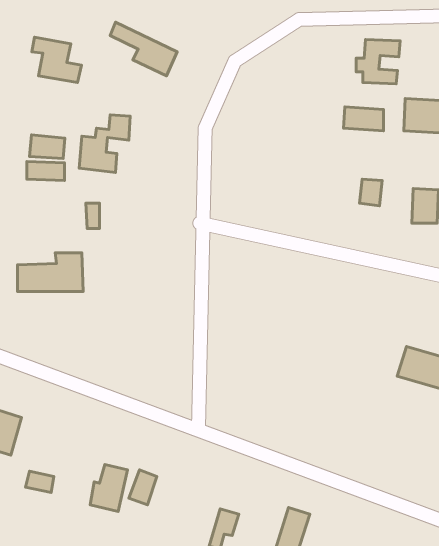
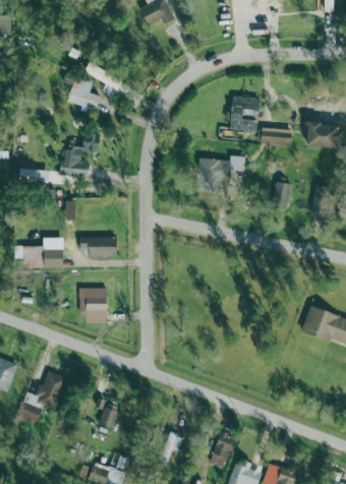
building: [32,37,82,83] -> [63,74,101,109]
building: [356,40,400,84] -> [226,97,260,130]
building: [30,135,65,159] -> none
building: none -> [197,156,245,185]
building: none -> [80,236,117,257]
building: none -> [80,288,108,323]
building: [90,465,128,511] -> [37,372,65,408]

